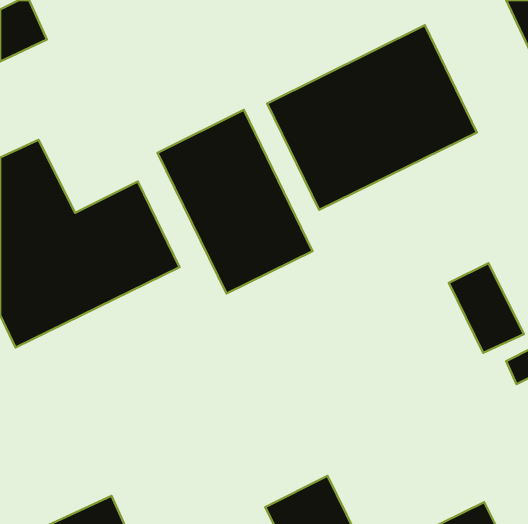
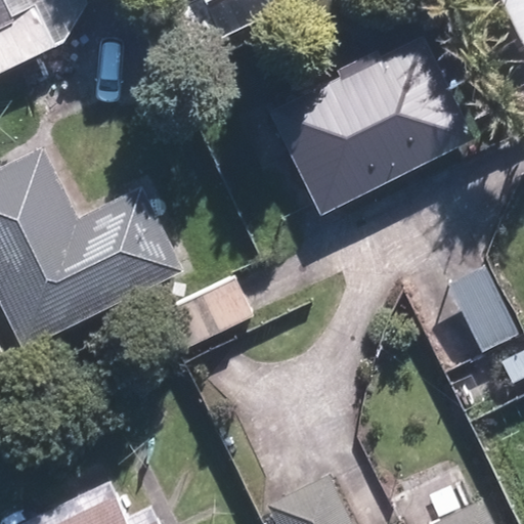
building: [157,110,312,293] -> none

